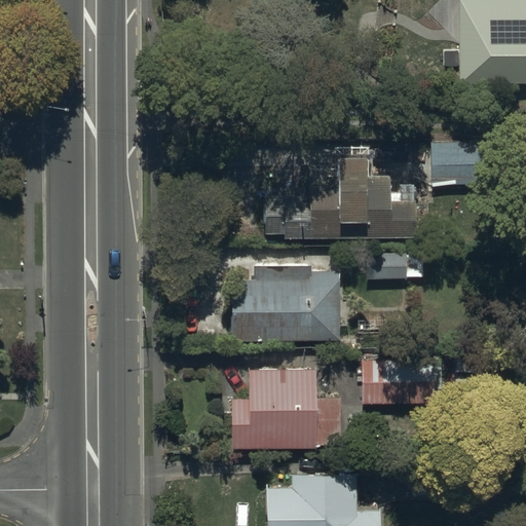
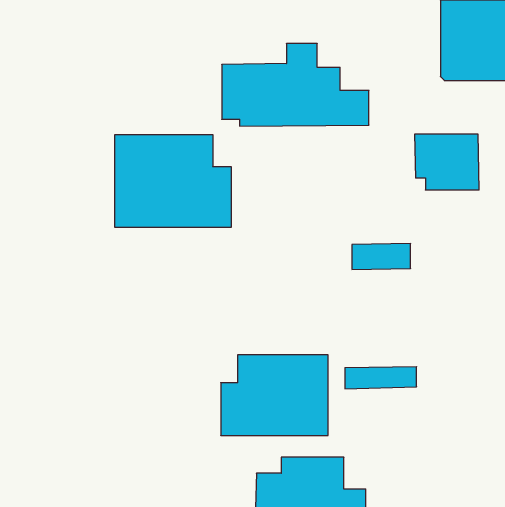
building: none -> [115,135,231,227]
building: [267,153,419,238] -> [222,44,369,126]
building: [228,267,338,338] -> none

